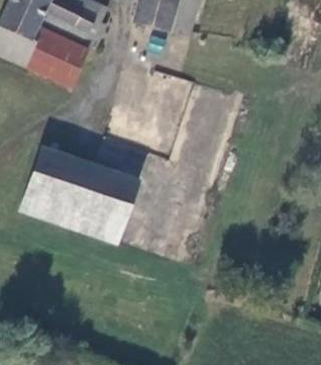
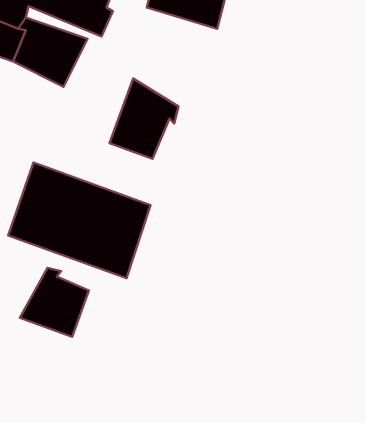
building: none -> [110,78,179,159]
building: none -> [20,268,89,337]

